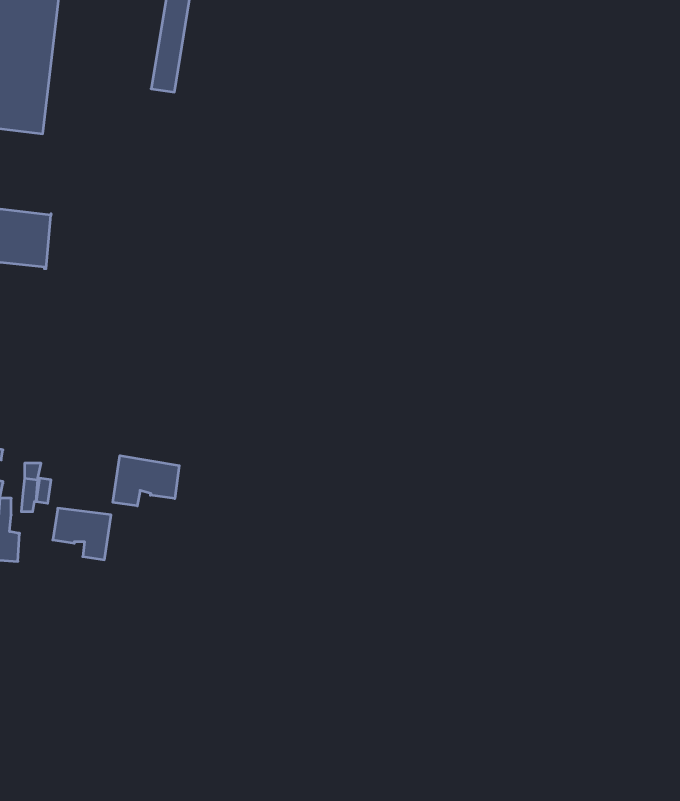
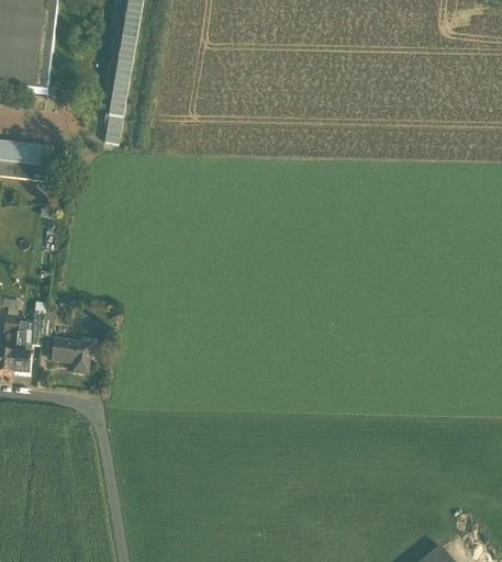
building: none -> [103,61,132,142]
building: [113,456,179,506] -> none

